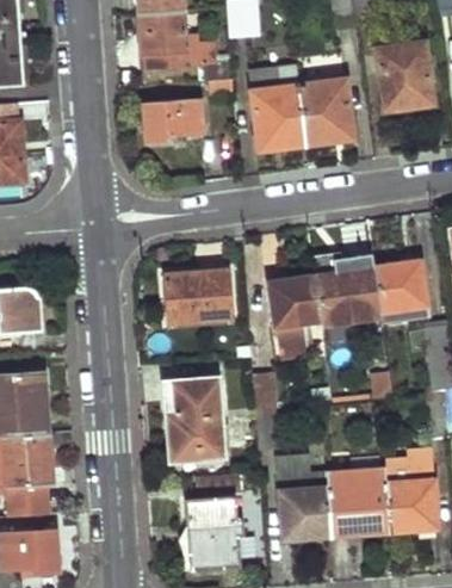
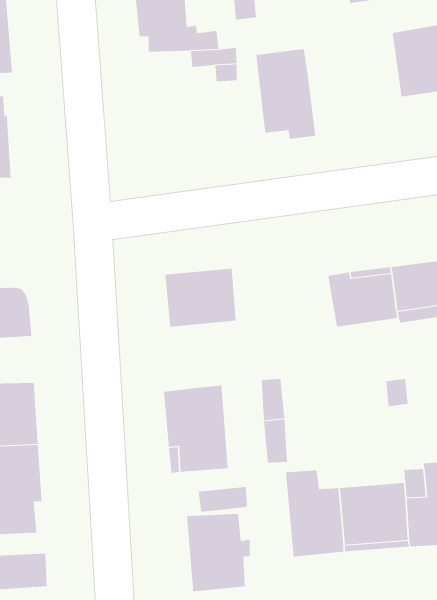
building: [298,80,353,146] -> none
building: [144,100,200,150] -> none
building: [271,276,323,357] -> none

